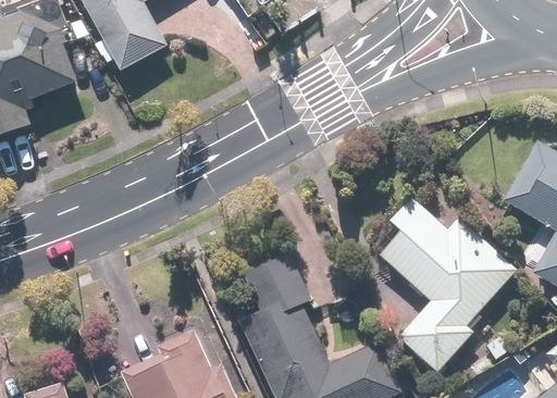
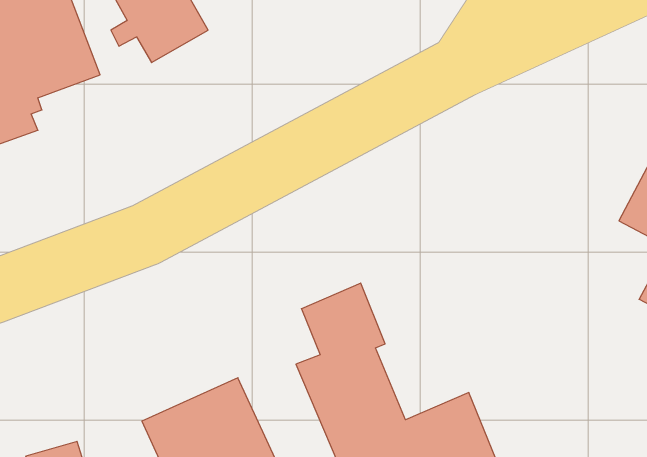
building: [377,199,516,376] -> none

